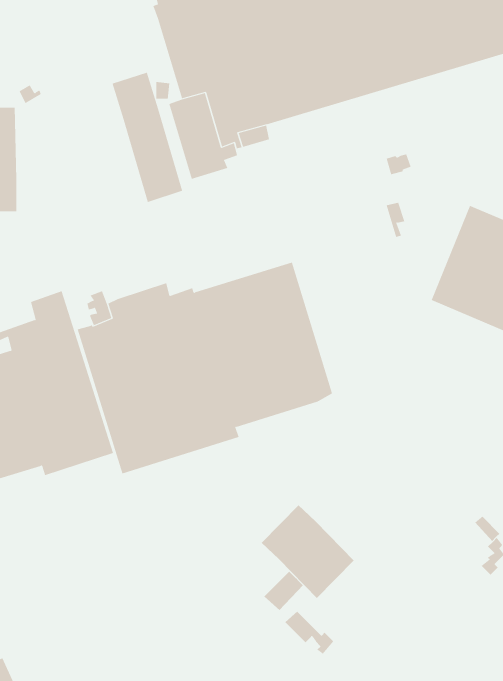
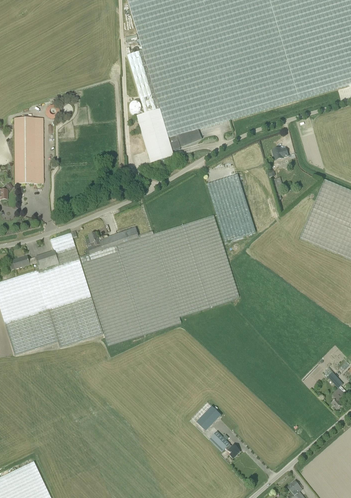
building: [112,72,183,203] -> none
building: none -> [207,174,255,241]
building: [261,504,355,599] -> none

